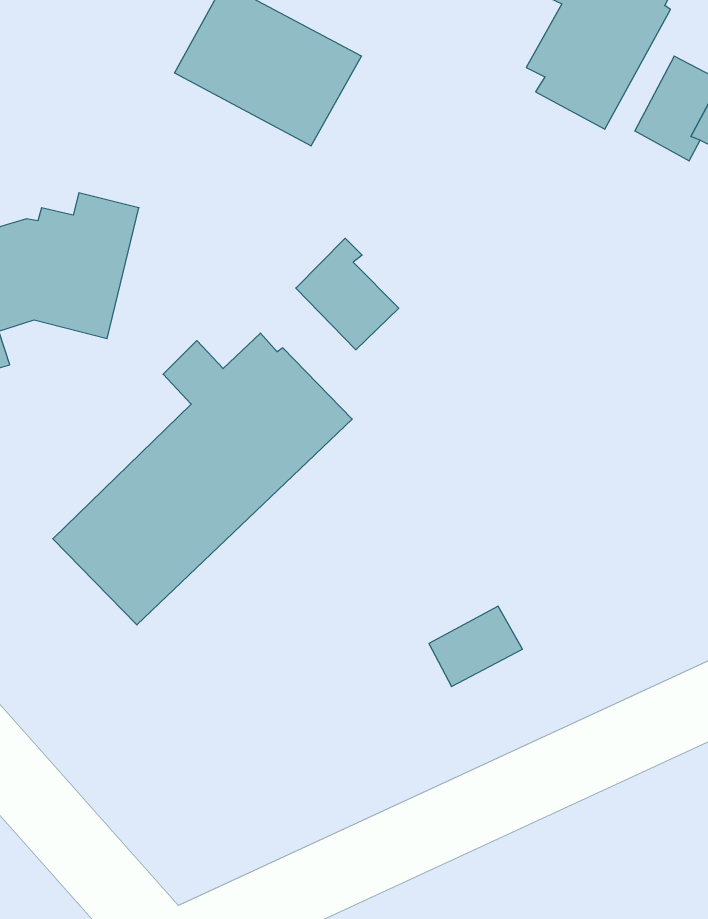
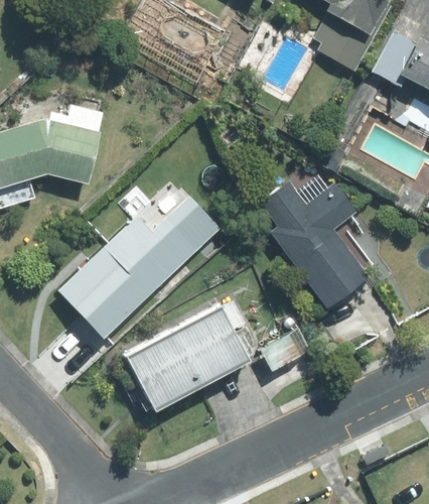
building: [296,238,399,350] -> none
building: none -> [260,177,374,306]
building: none -> [128,301,254,410]

